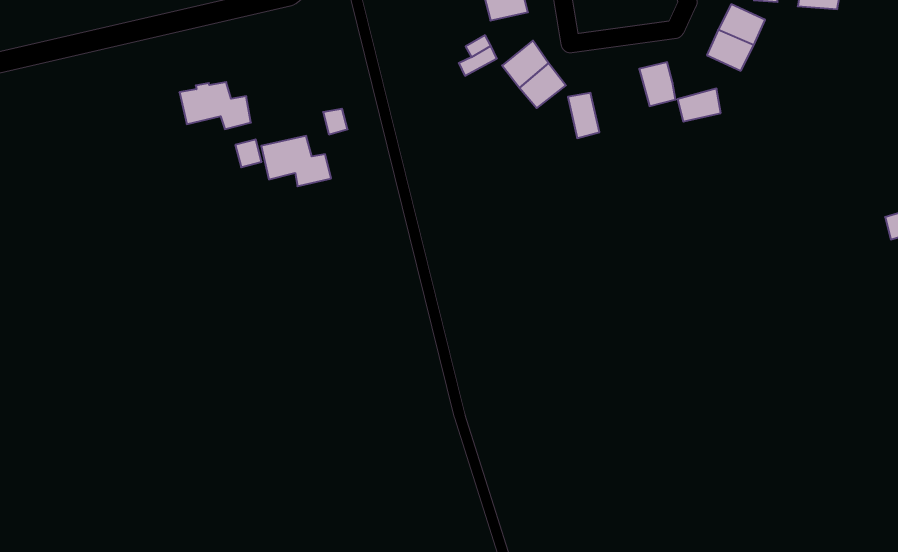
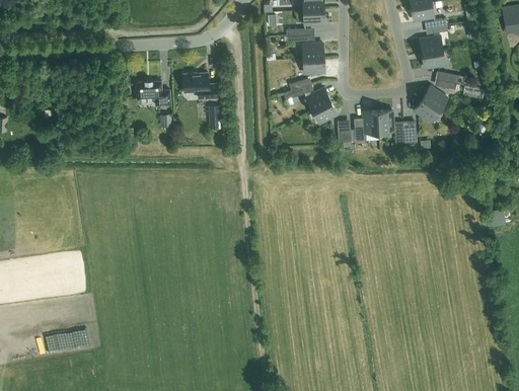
building: none -> [350,111,378,140]
building: [261,136,331,186] -> [182,73,216,98]

